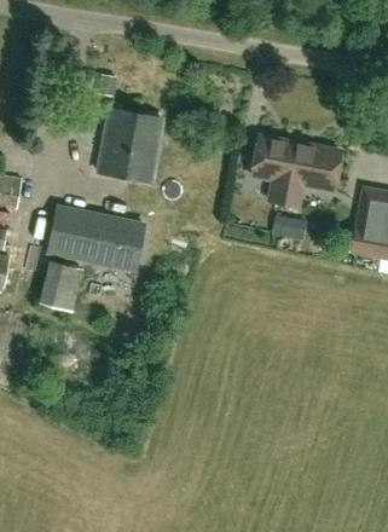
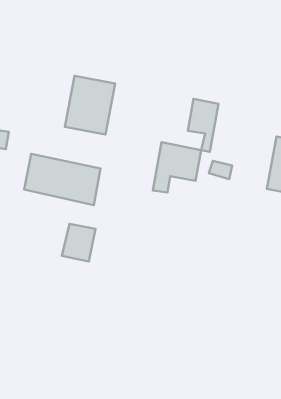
building: [280,143,341,206] -> [153,142,201,193]
building: [39,262,81,310] -> [62,224,96,262]

